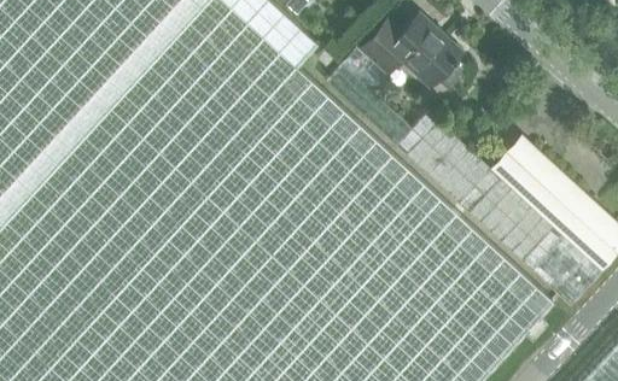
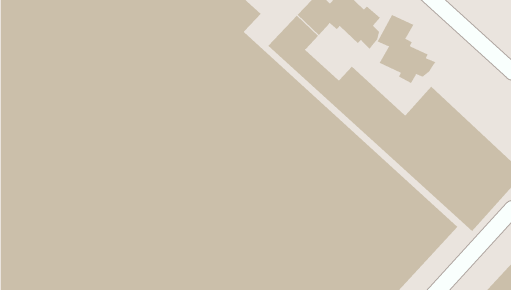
building: none -> [377,14,436,84]

